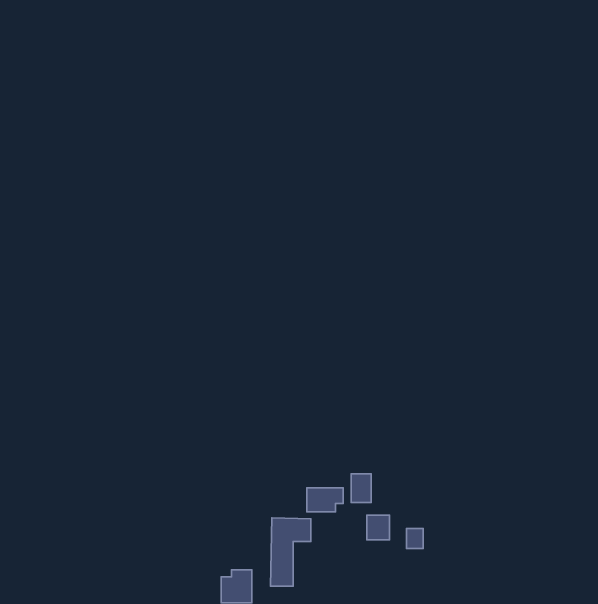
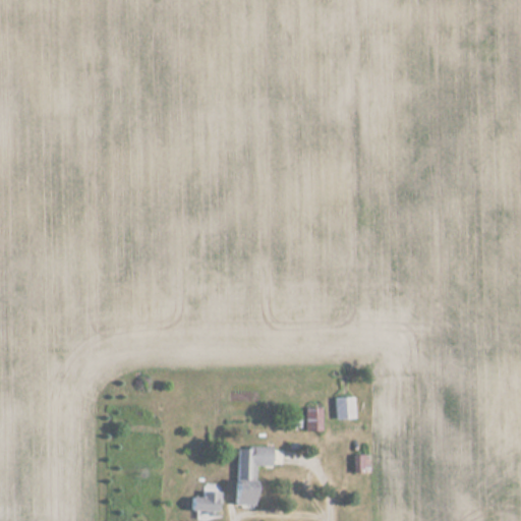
building: [307,488,343,512] -> none
building: [367,515,389,540] -> [337,397,356,418]

